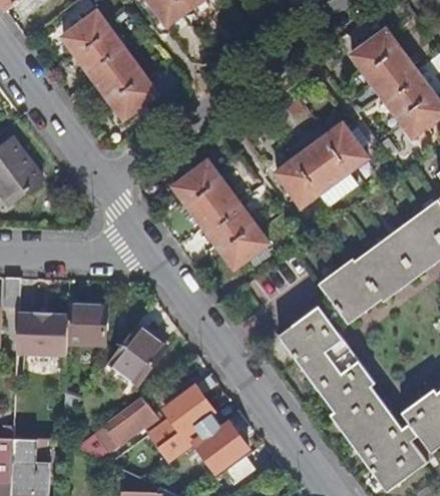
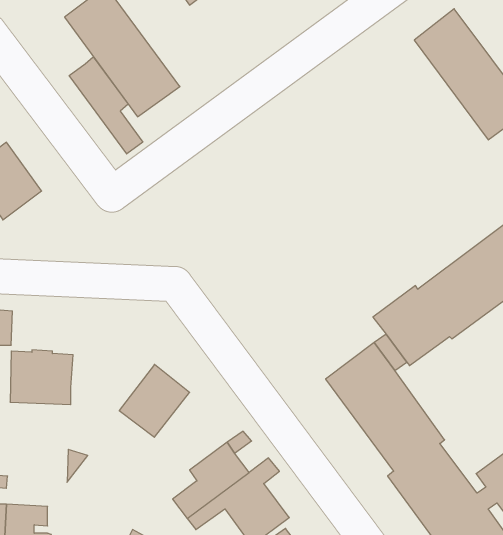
building: none -> [69,57,143,154]
building: [275,123,367,206] -> none
building: [173,161,268,269] -> none
building: [67,304,105,344] -> none
building: [79,399,159,458] -> none

